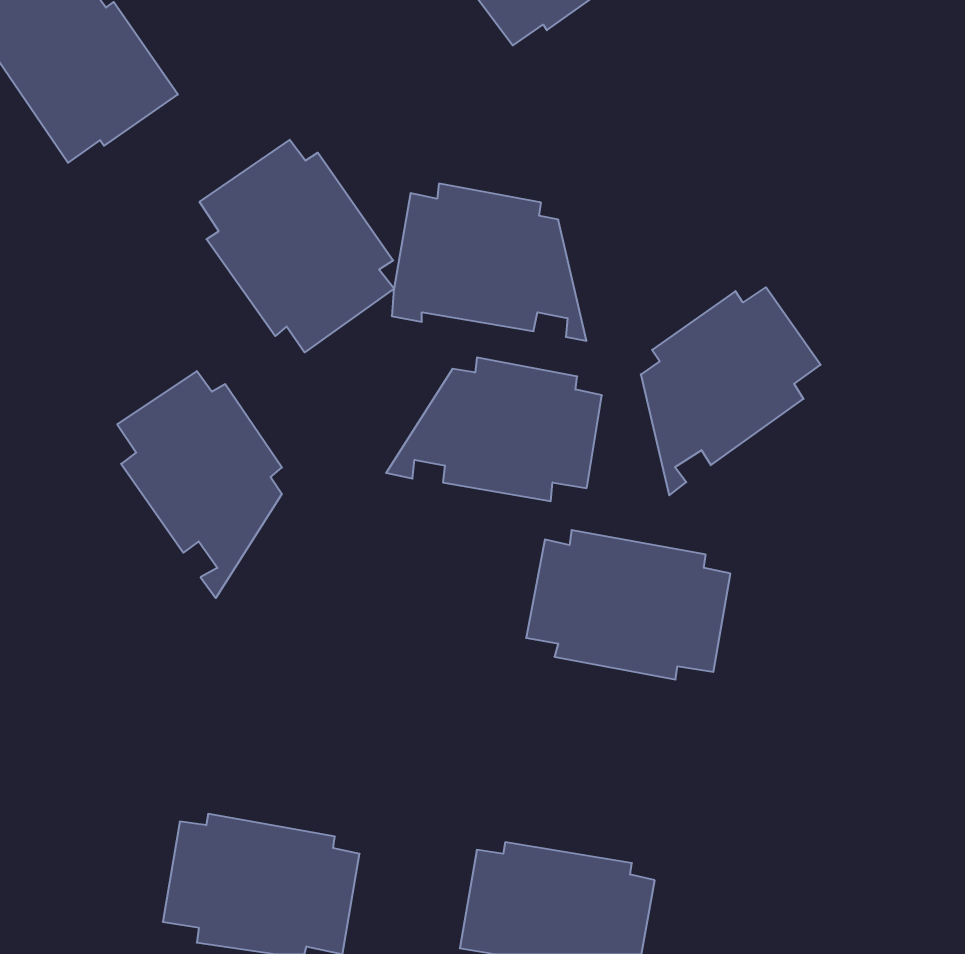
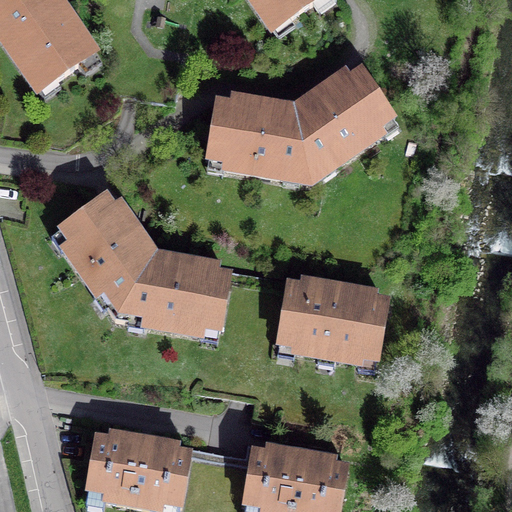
building: [200,140,394,352] -> none
building: [641,287,821,495] -> [295,70,390,180]
building: [386,357,602,501] -> [114,255,228,331]

